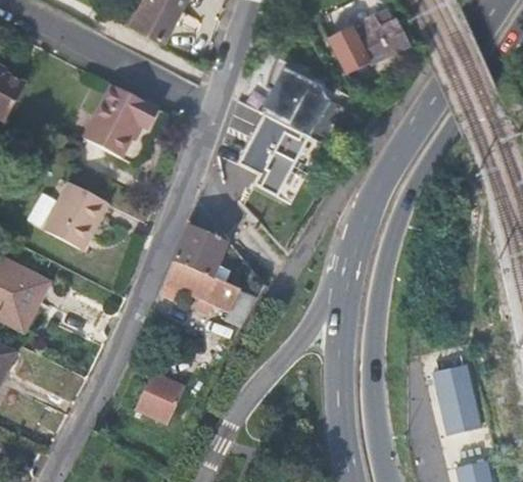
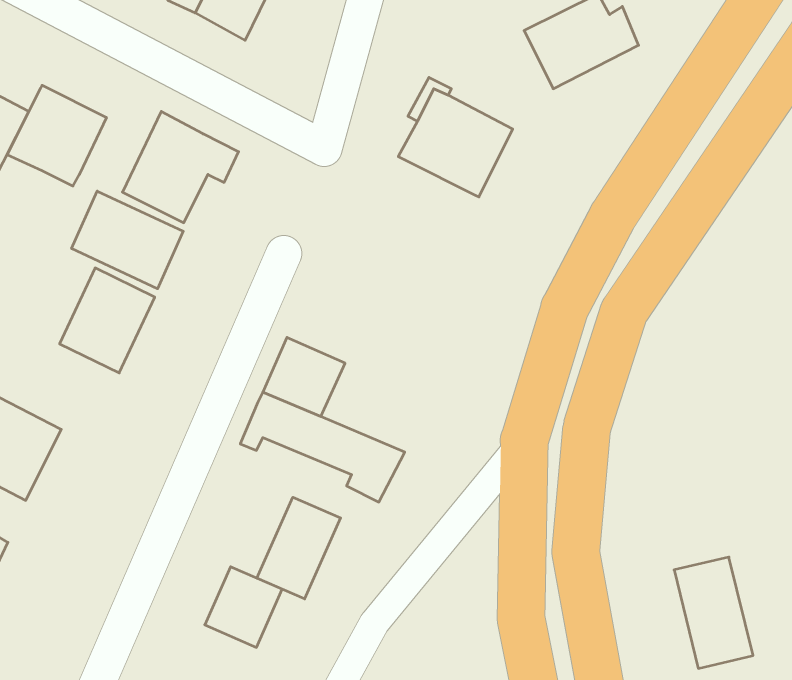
building: none -> [7,85,106,186]
building: [239,114,308,196] -> none
building: none -> [72,191,183,289]
building: none -> [257,497,341,599]

